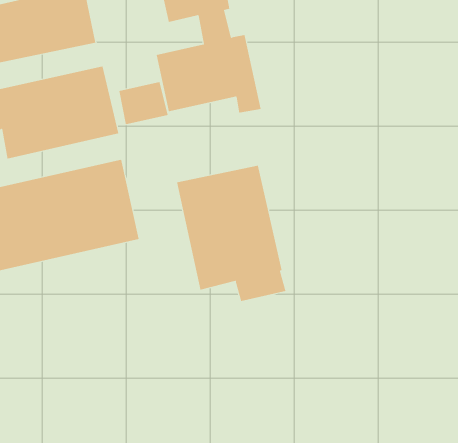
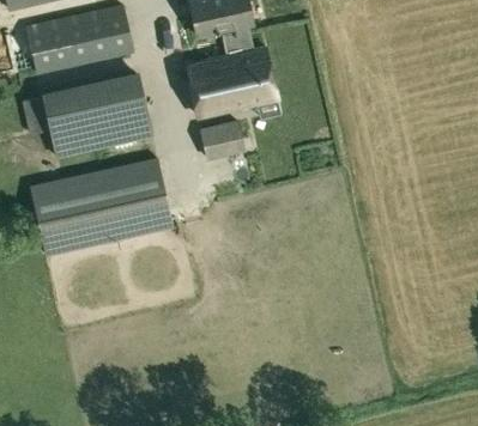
building: [118,81,168,125] -> [200,120,244,158]
building: [176,165,286,302] -> none

